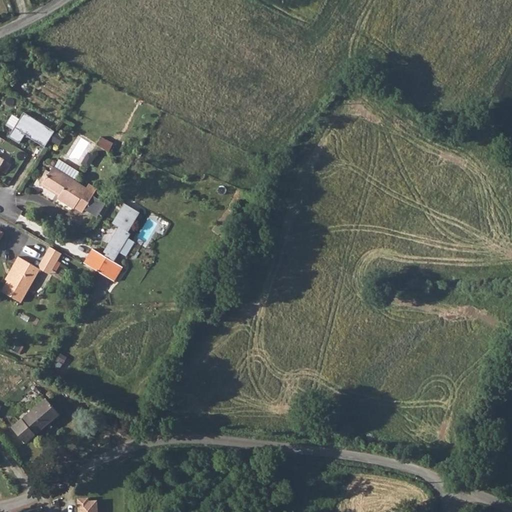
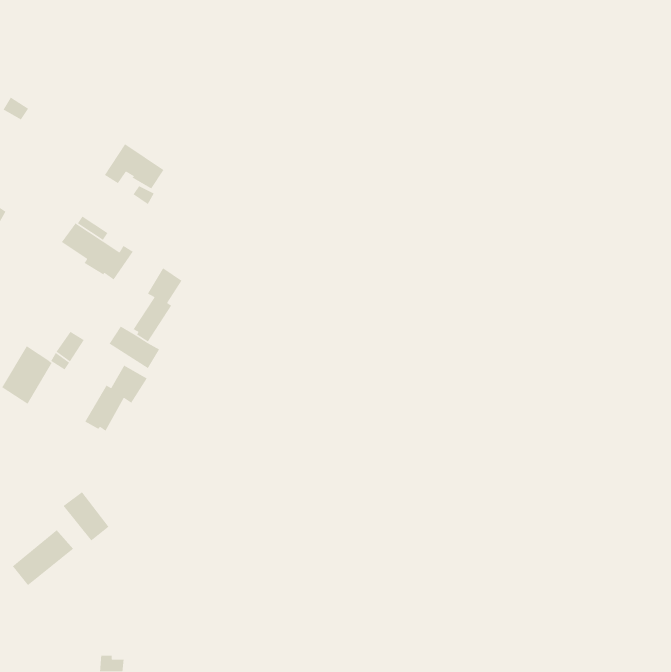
building: [9,113,55,148] -> [104,143,165,190]
building: none -> [84,364,148,432]
building: none -> [63,491,110,542]

